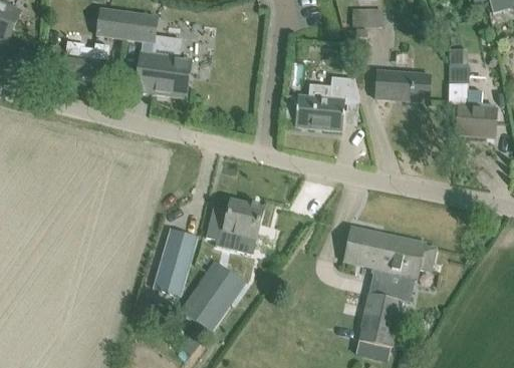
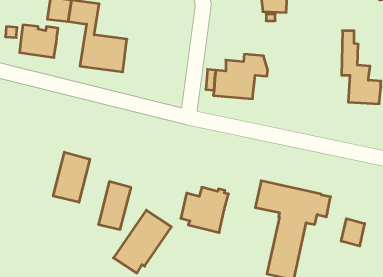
building: [376,68,431,101] -> none
building: none -> [53,152,90,202]
building: [207,200,264,254] -> [181,187,229,233]
building: none -> [341,219,365,246]

